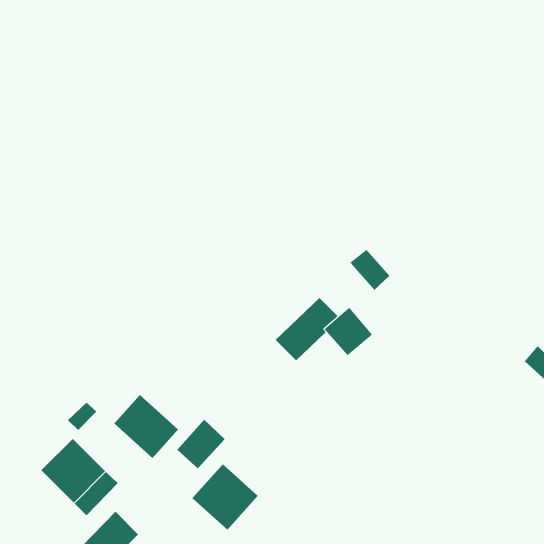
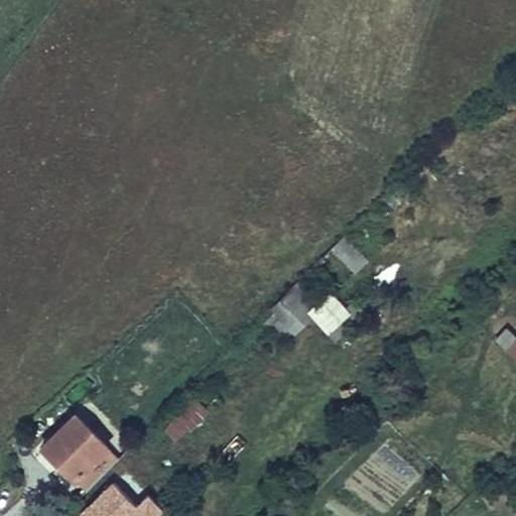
building: [113,394,179,459] -> none
building: [192,464,259,530] -> none

